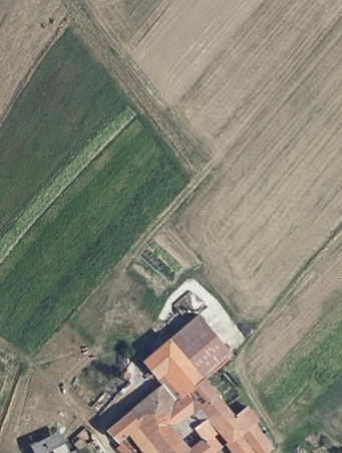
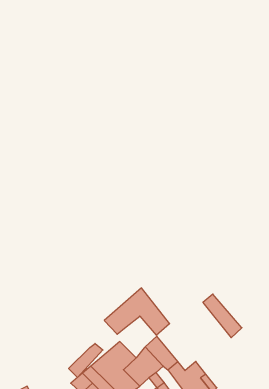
building: [186,316,229,365] -> [203,294,242,338]
building: [168,357,203,392] -> none
building: none -> [69,343,103,377]

